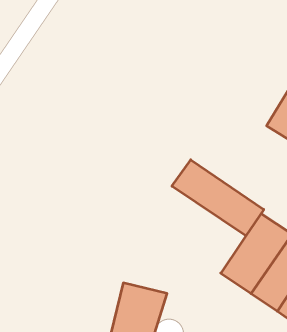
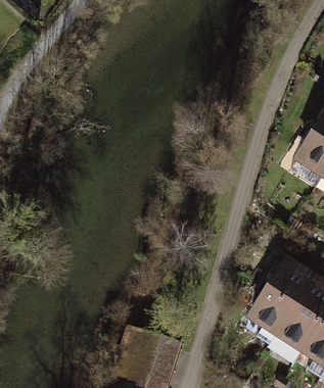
building: [172,160,264,236] -> none

